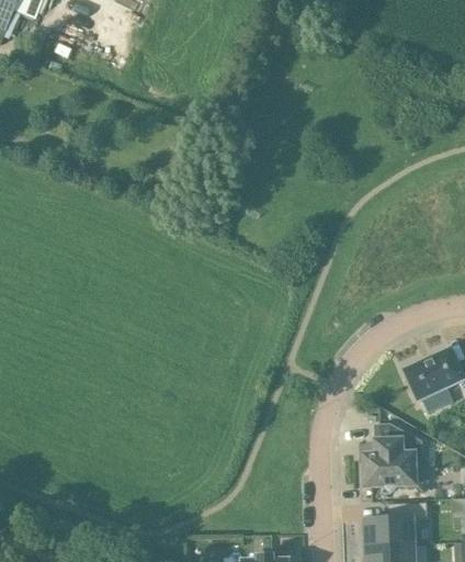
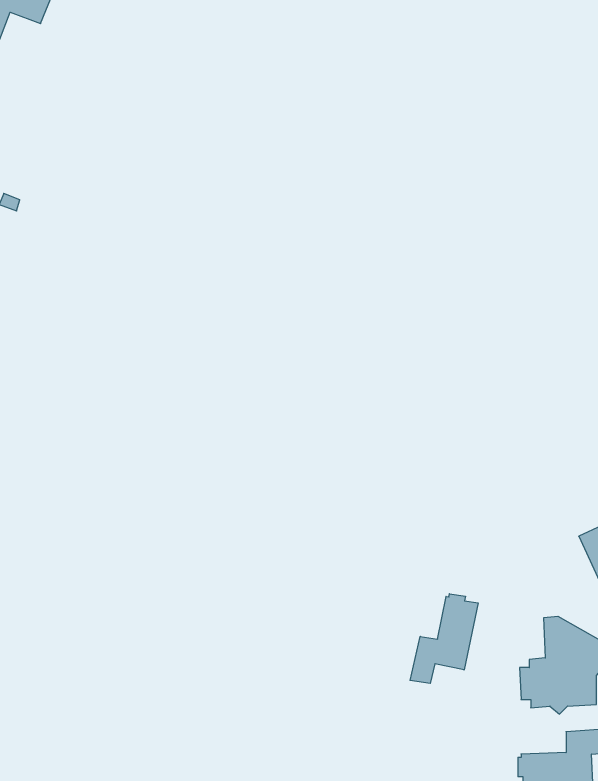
building: none -> [410,594,478,683]

